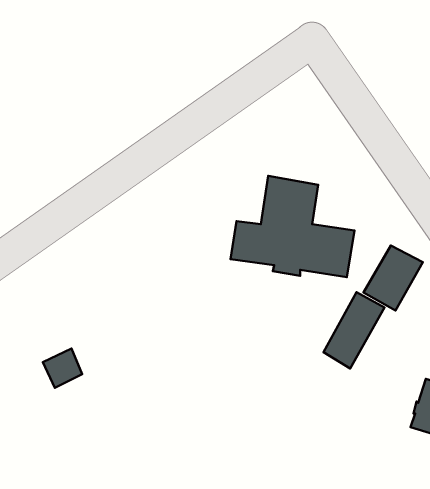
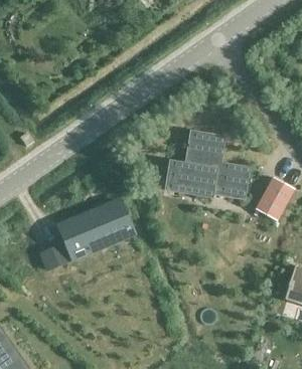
building: none -> [59,201,134,259]
building: [324,292,384,368] -> none

